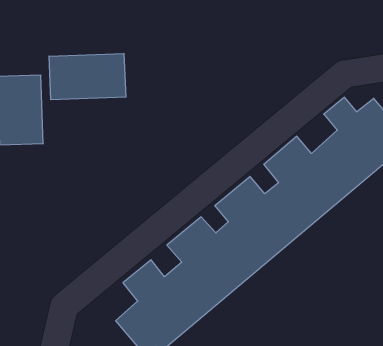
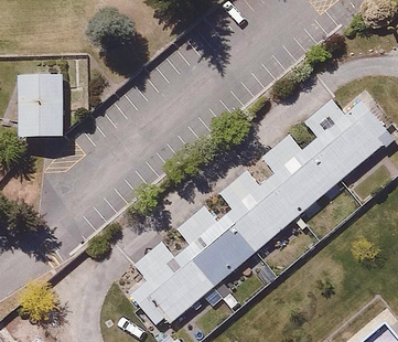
building: [49,53,126,100] -> none

